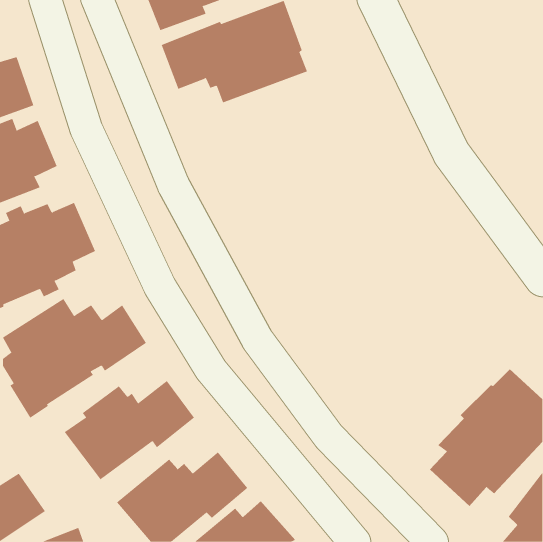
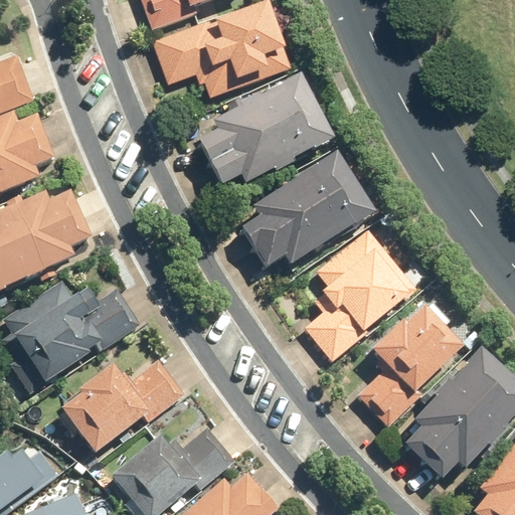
building: none -> [198,73,335,184]
building: none -> [239,152,374,268]
building: none -> [304,229,416,362]
building: none -> [357,305,465,426]

